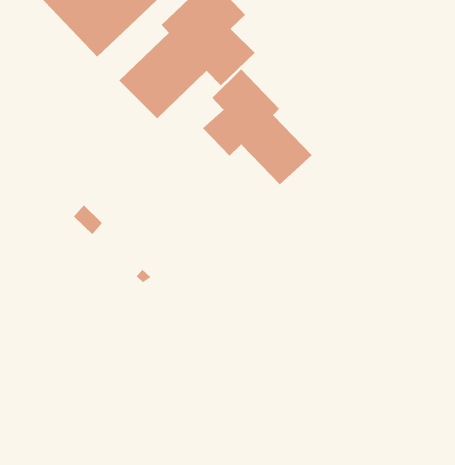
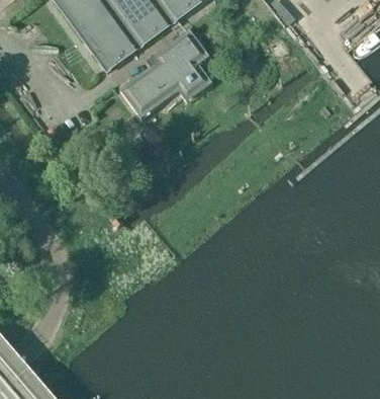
building: [202,69,312,185] -> none

